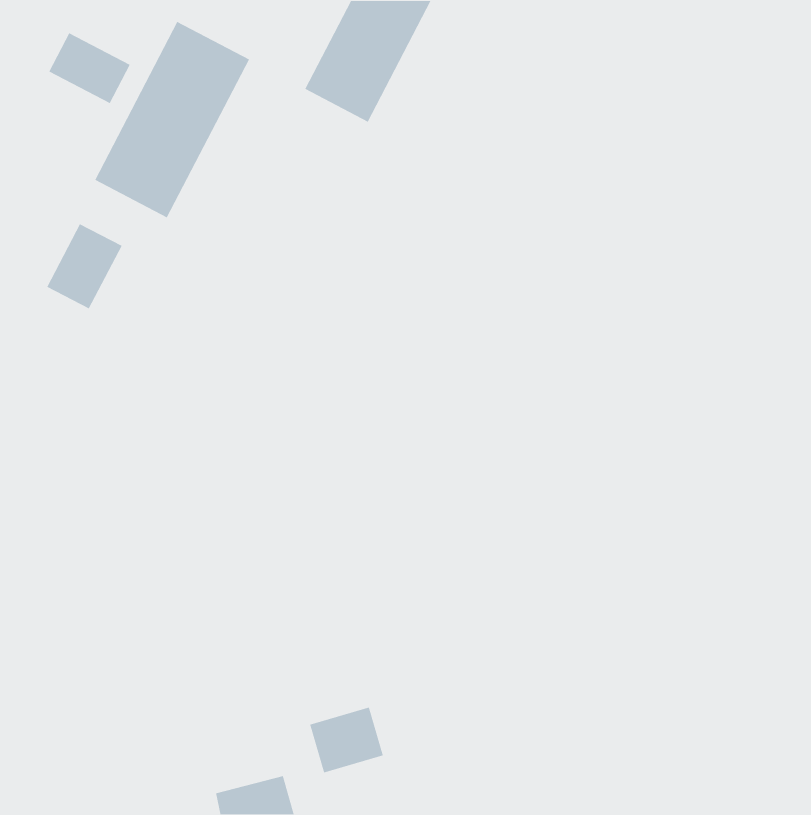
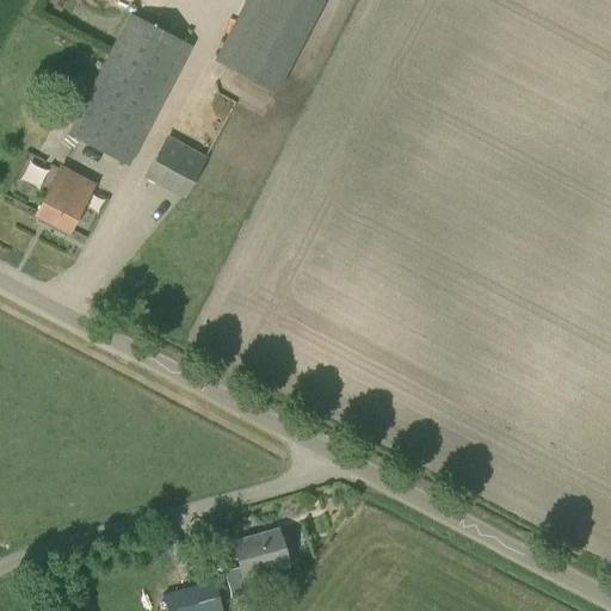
building: [48,32,131,104] -> none
building: none -> [147,136,208,197]

